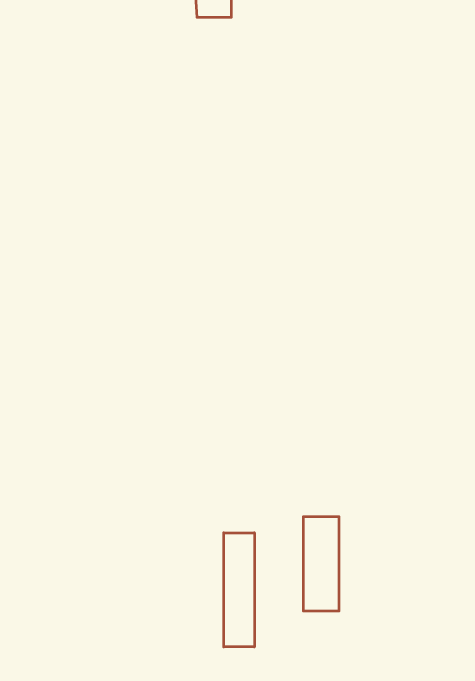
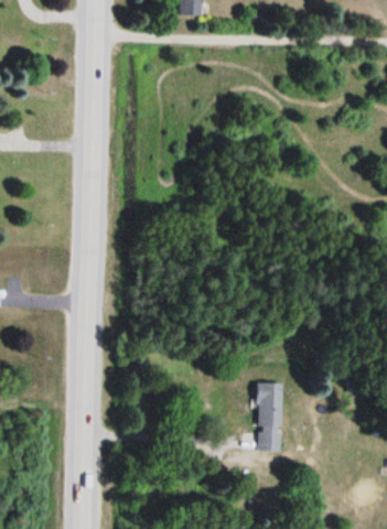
building: [224,533,254,647] -> none

